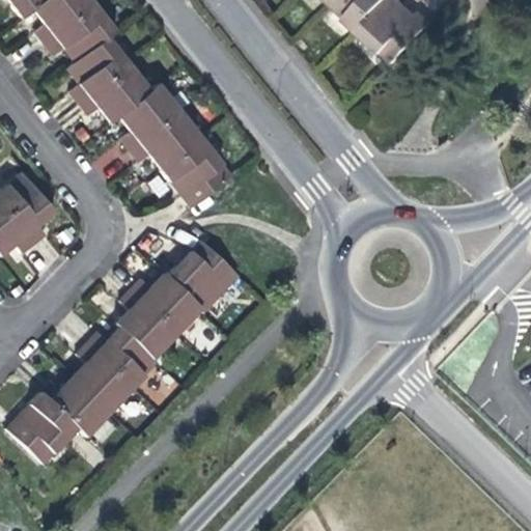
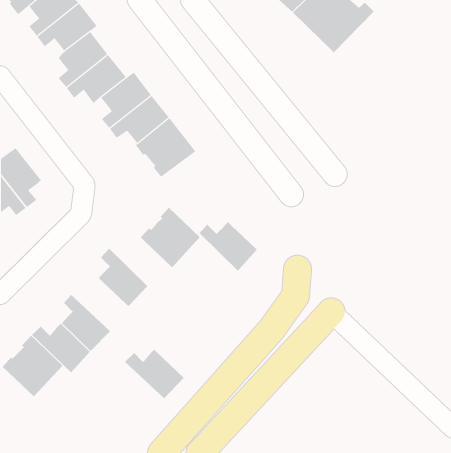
building: [131,274,204,334] -> [199,220,262,271]
building: [86,323,157,387] -> [124,344,185,399]

